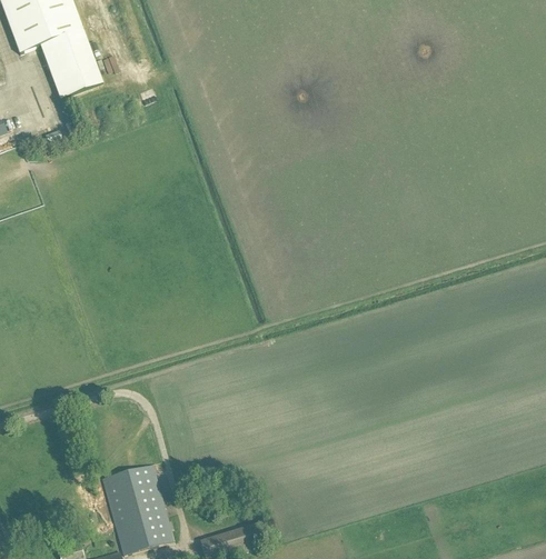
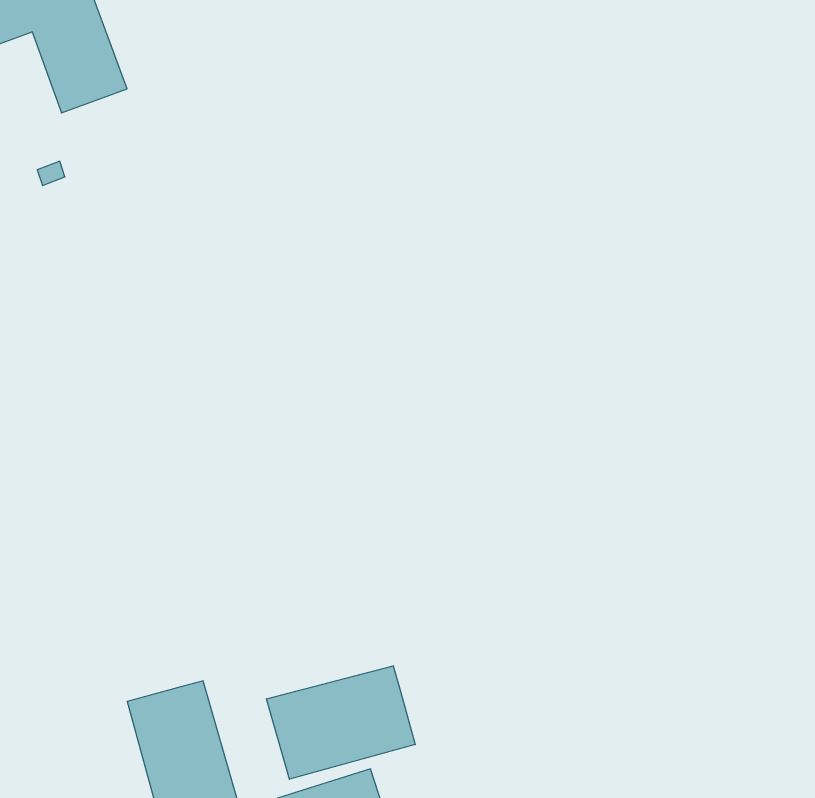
building: none -> [266,666,415,779]

